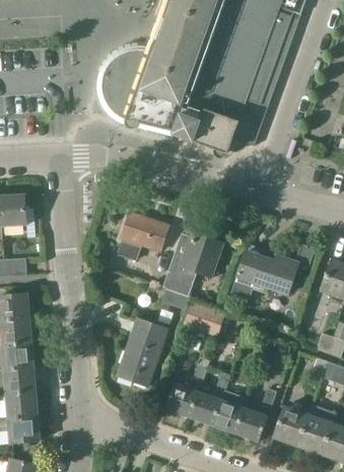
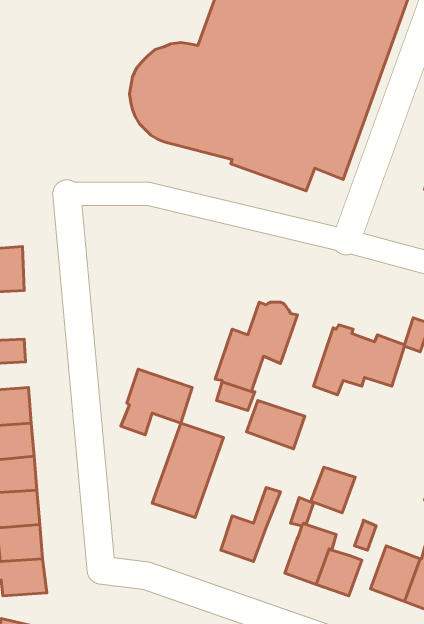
building: [118,212,168,258] -> [121,369,192,435]
building: [189,392,220,424] -> [311,467,355,513]

